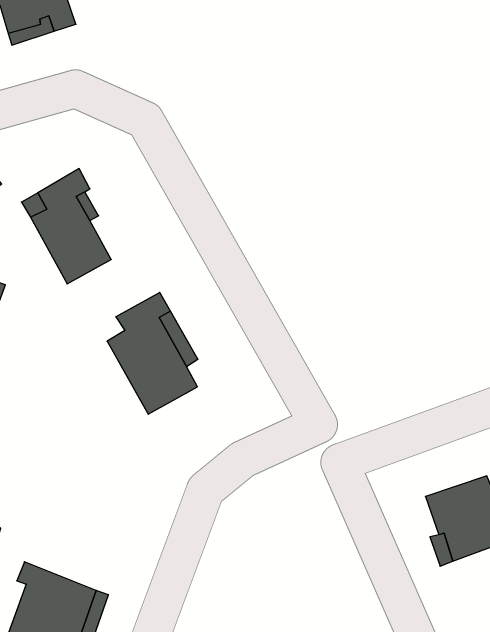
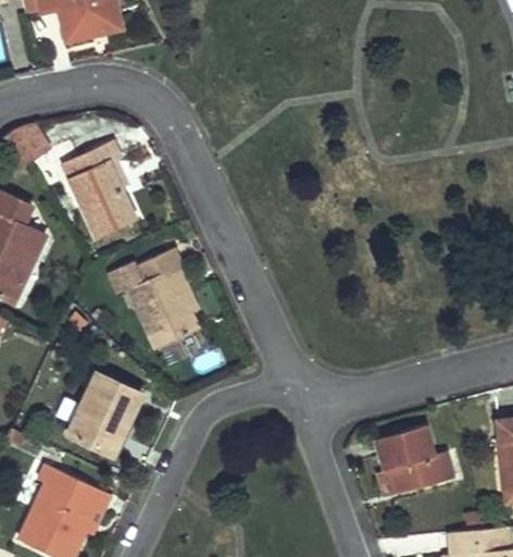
building: none -> [64,374,138,459]

